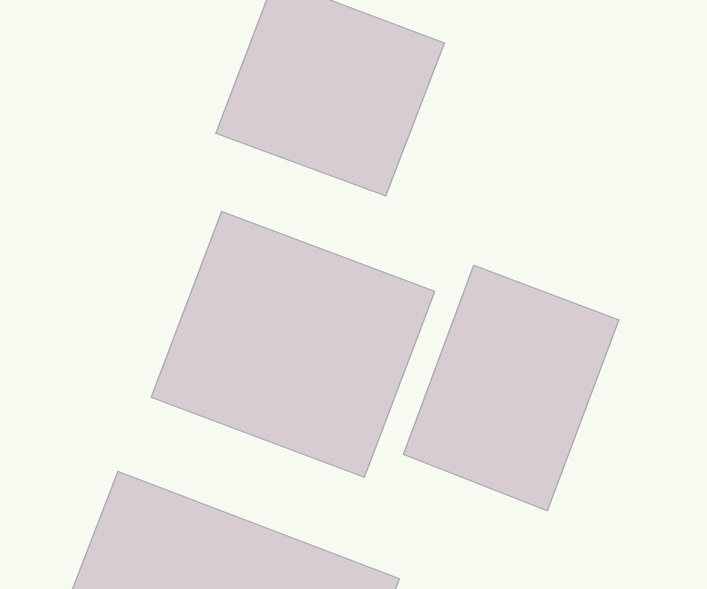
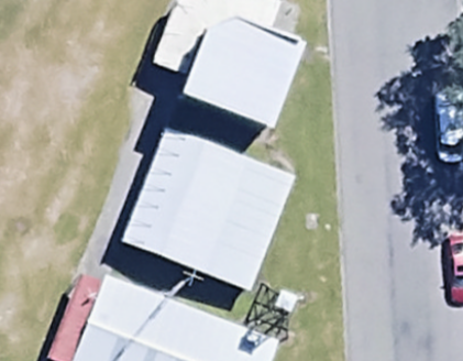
building: [403,265,619,511] -> none

